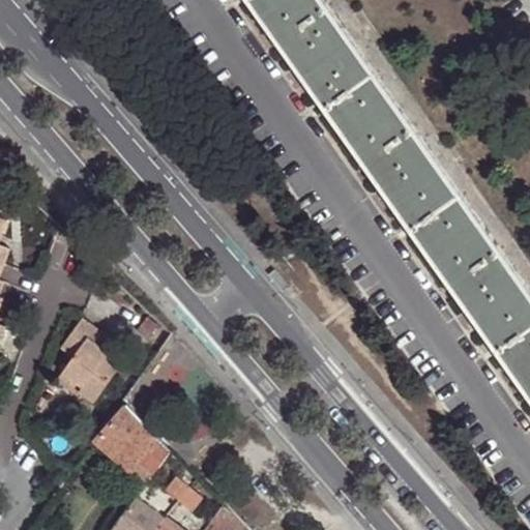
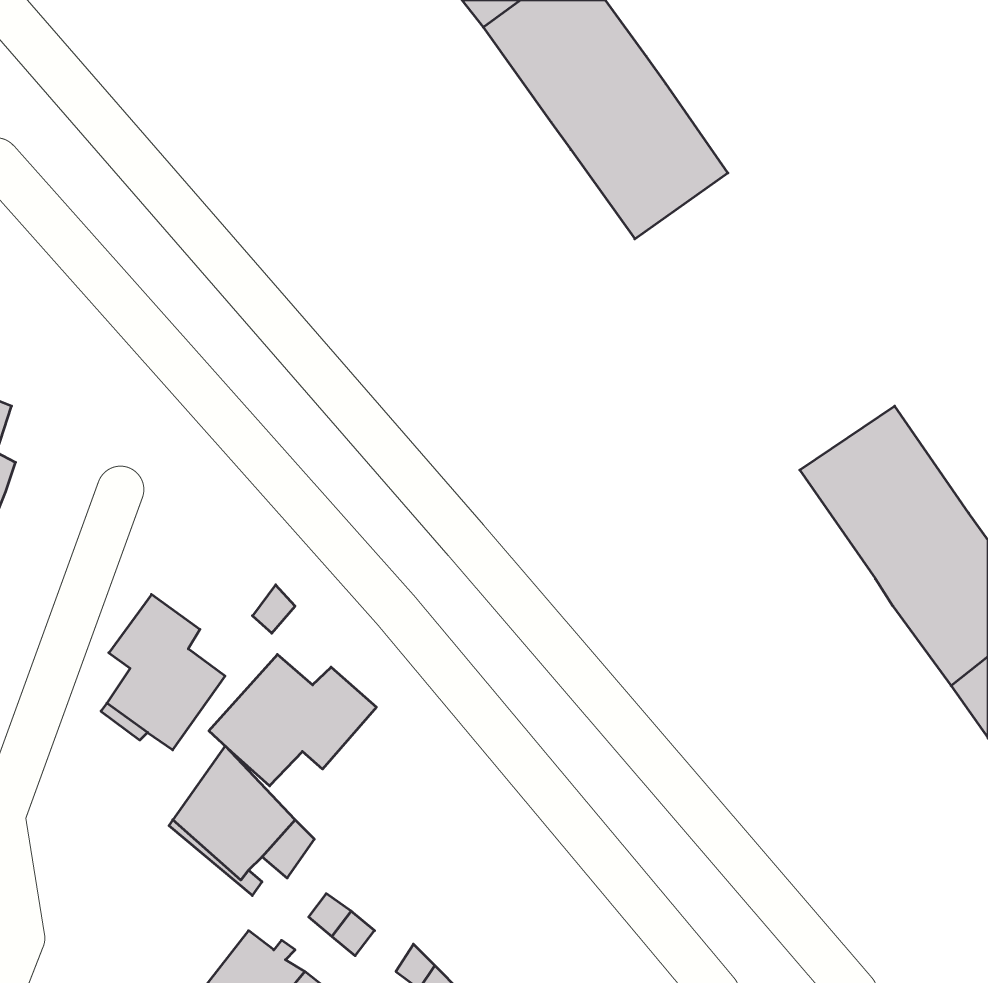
building: [338,97,477,256] -> none
building: none -> [209,654,376,786]

